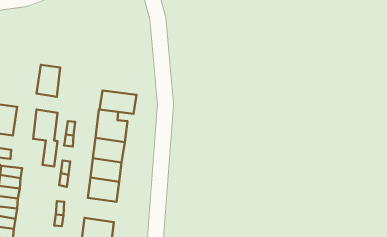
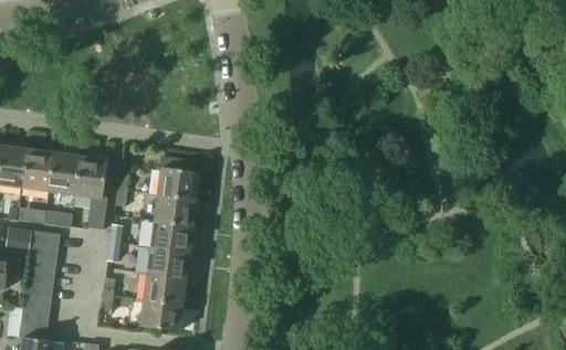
building: [36,65,60,97] -> [48,153,78,195]
building: [99,90,137,114] -> none
building: none -> [142,273,184,305]

